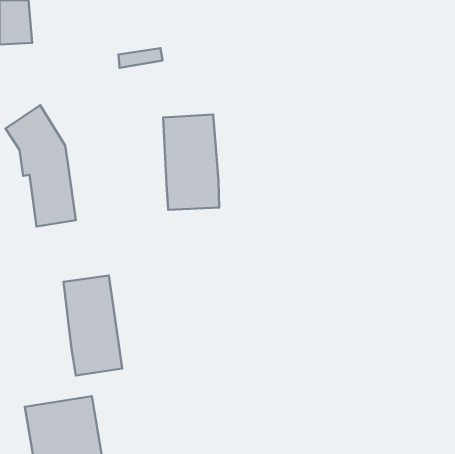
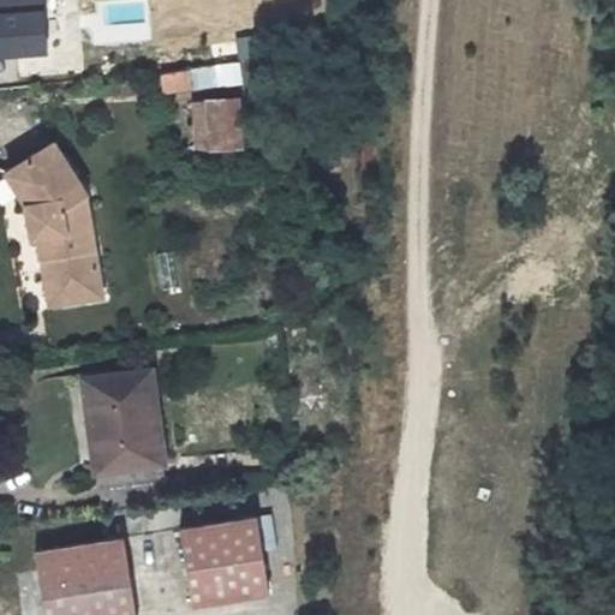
building: none -> [192,101,239,151]
building: [163,115,219,210] -> none
building: none -> [177,514,268,605]

